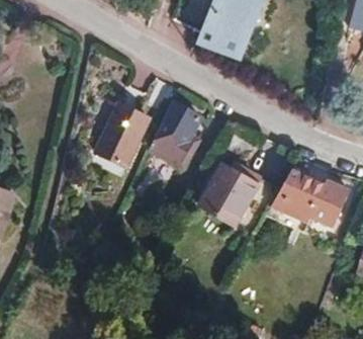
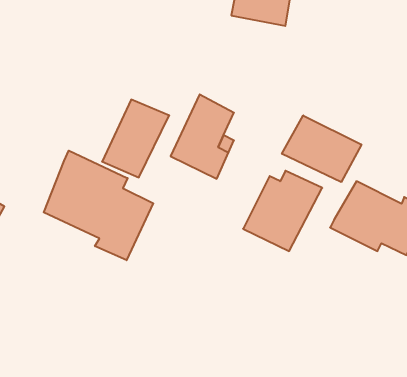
building: none -> [282,115,361,182]
building: none -> [44,151,153,260]

